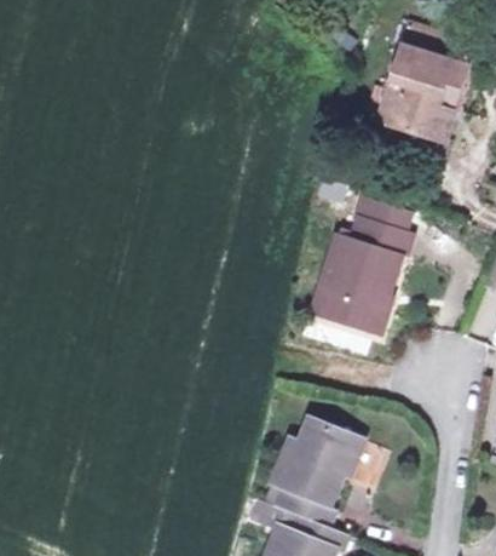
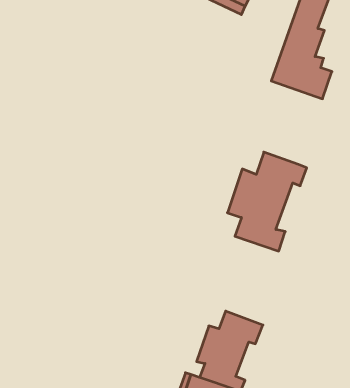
building: [431,57,468,110] -> none
building: [356,190,416,230] -> none

